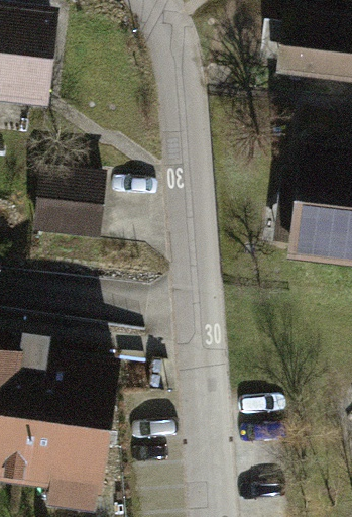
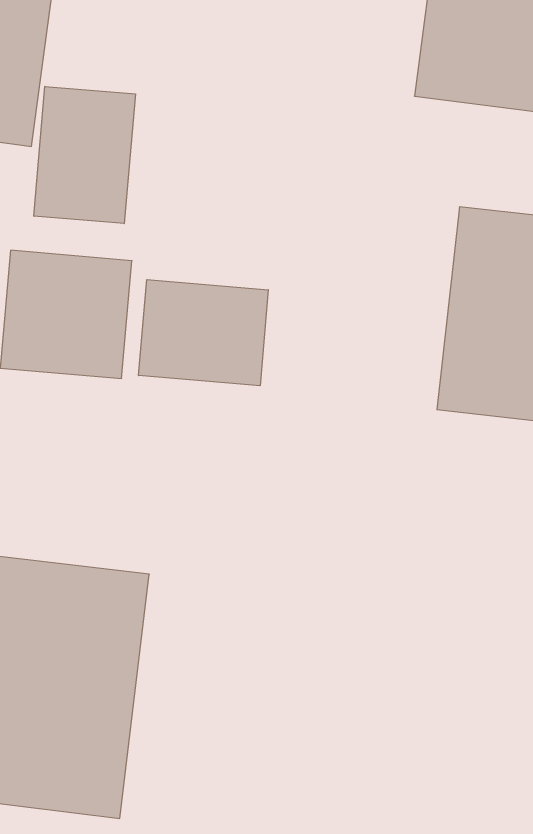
building: none -> [34,86,135,224]
building: none -> [139,280,268,386]

